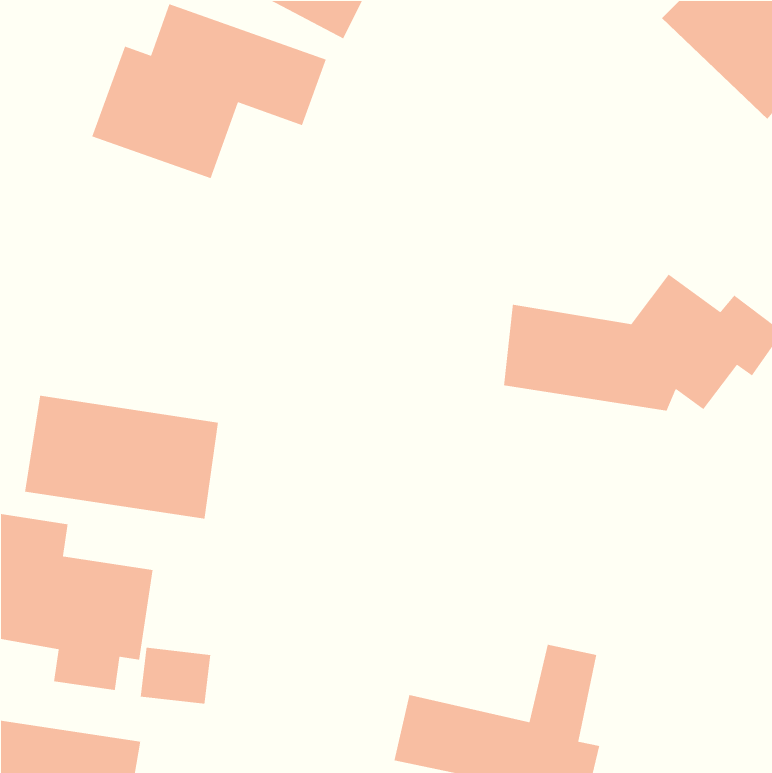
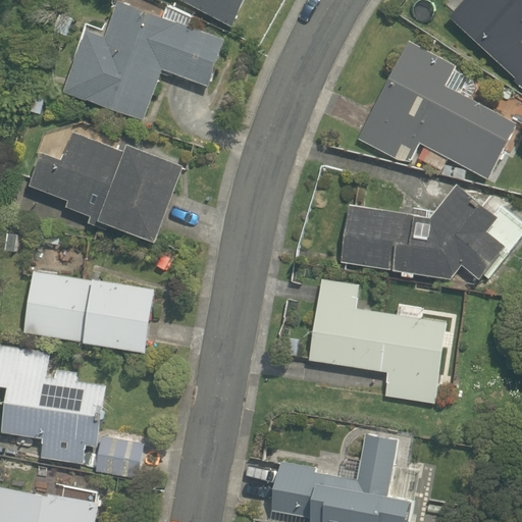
building: none -> [359,44,515,177]
building: none -> [29,133,177,241]
building: none -> [310,277,446,404]

